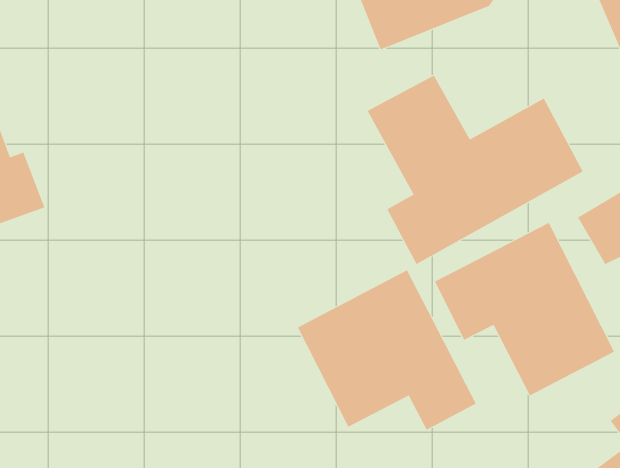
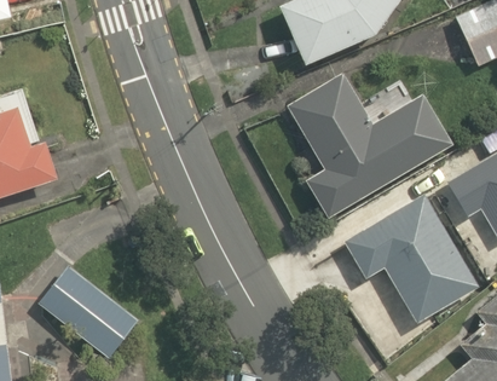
building: [297,269,477,430] -> none
building: none -> [34,264,144,362]

